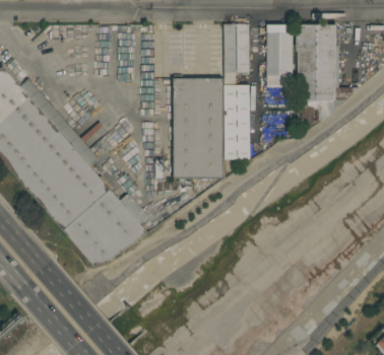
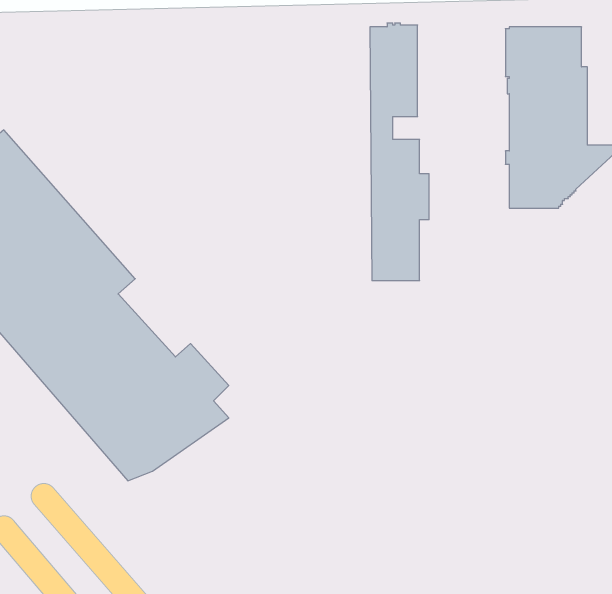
building: [267,23,293,93] -> none
building: [174,75,223,179] -> none

